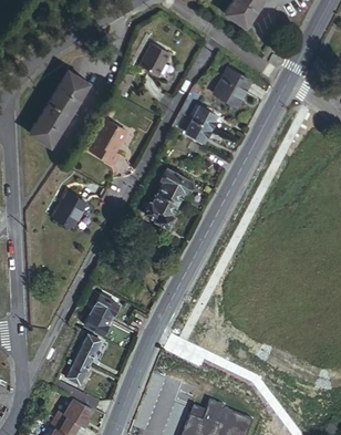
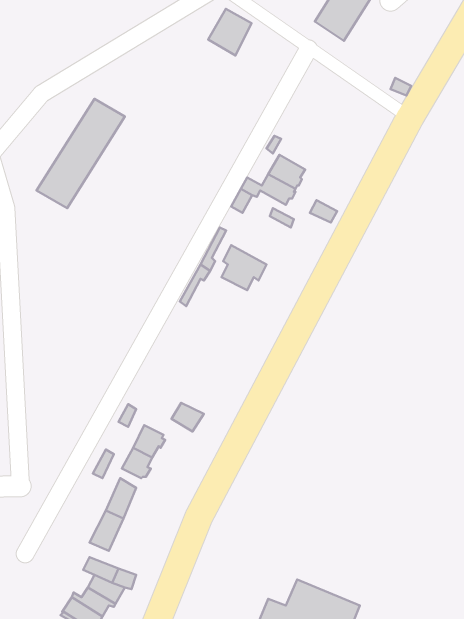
building: [141,46,170,79] -> [208,9,252,55]
building: [214,70,250,106] -> none
building: [90,122,130,167] -> none
building: [146,193,177,224] -> none
building: [56,195,87,229] -> none

